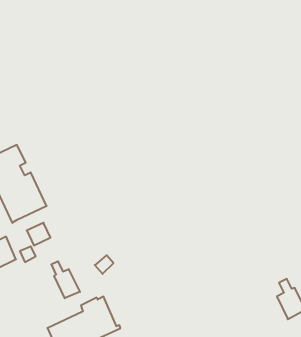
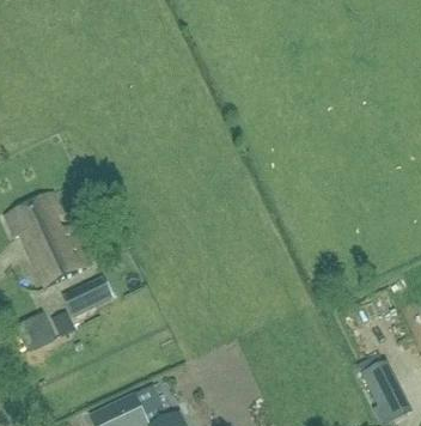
building: [51,261,80,298] -> none

